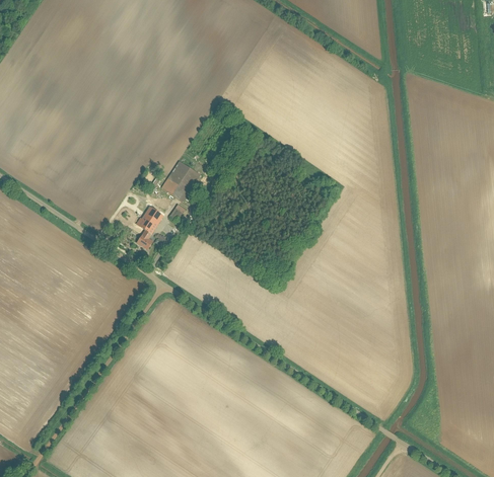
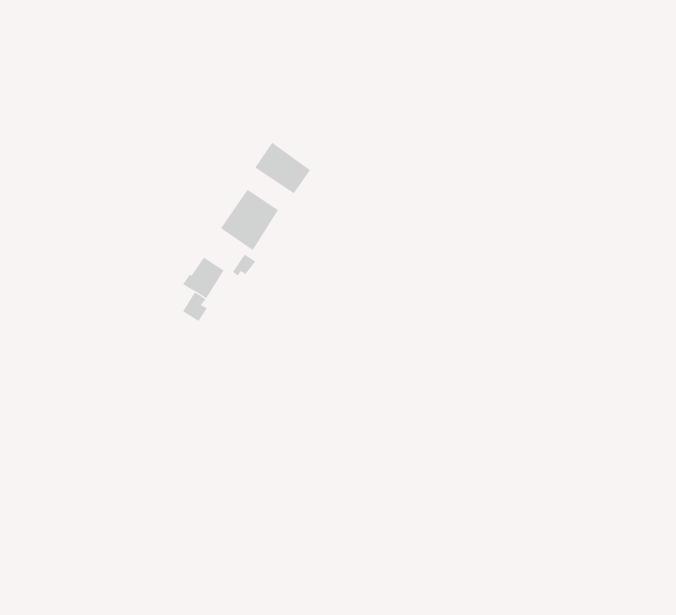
building: none -> [255,142,311,194]

